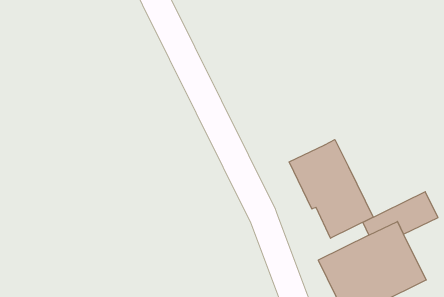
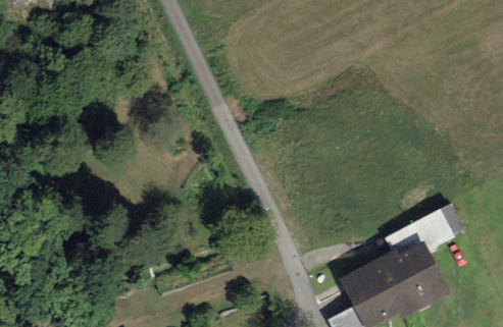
building: [289,140,373,238] -> none

